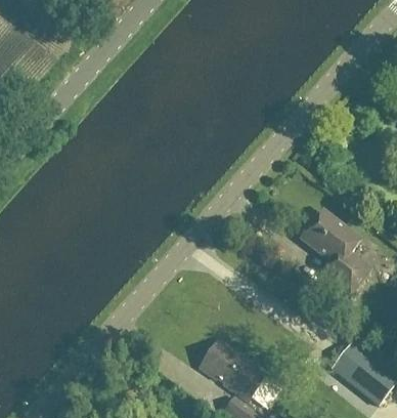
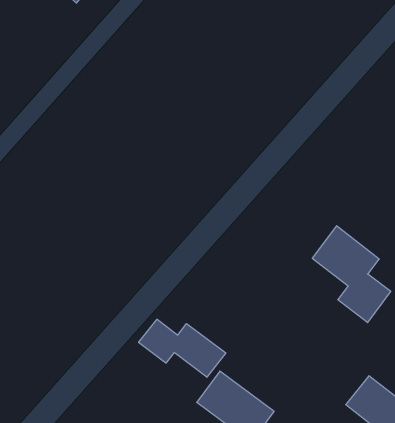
building: none -> [139,319,226,377]

